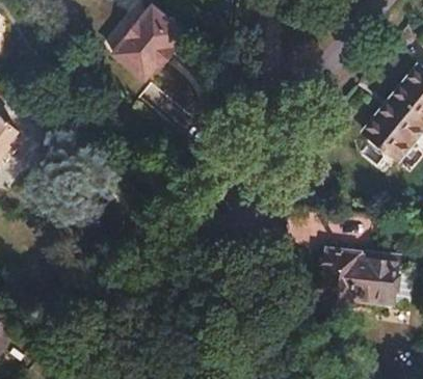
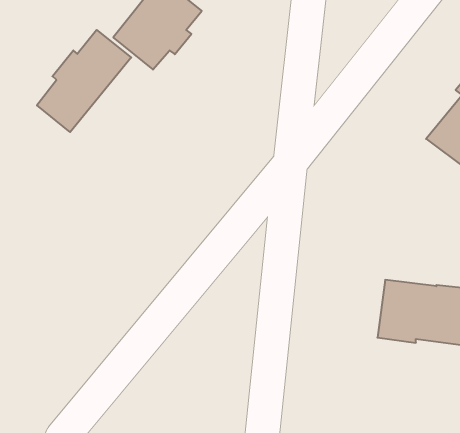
building: none -> [37,30,131,132]

